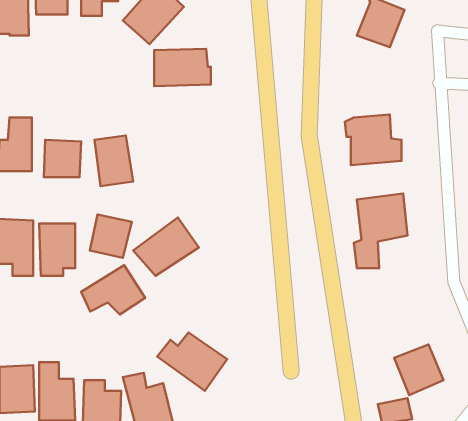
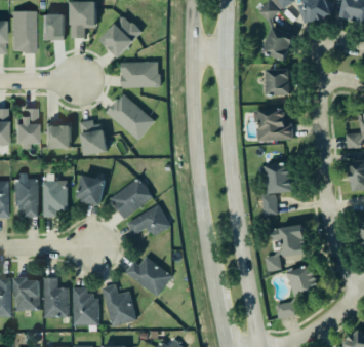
building: none -> [265,69,289,94]
building: none -> [107,93,155,140]
building: [81,265,145,314] -> [126,203,170,237]
building: none -> [262,224,307,272]

